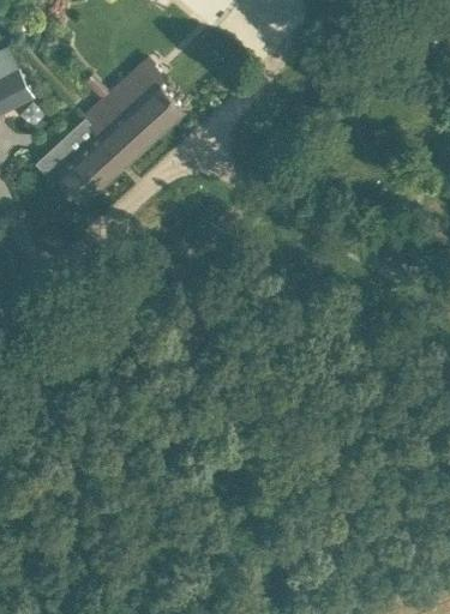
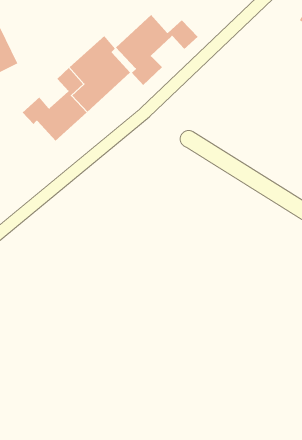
building: none -> [115,14,198,86]

